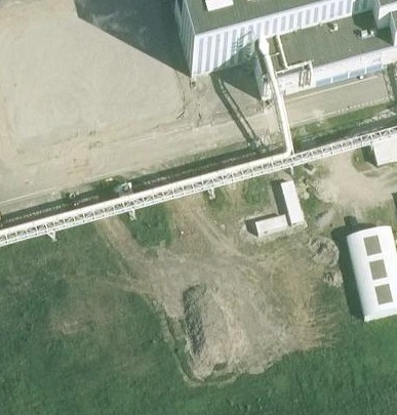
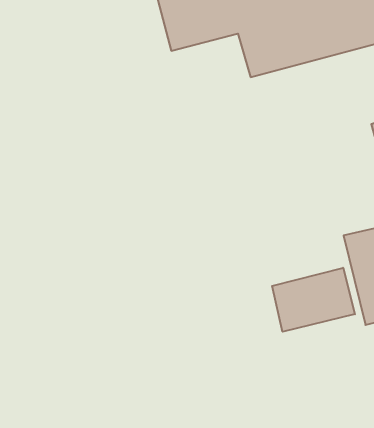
building: none -> [272,268,355,332]

